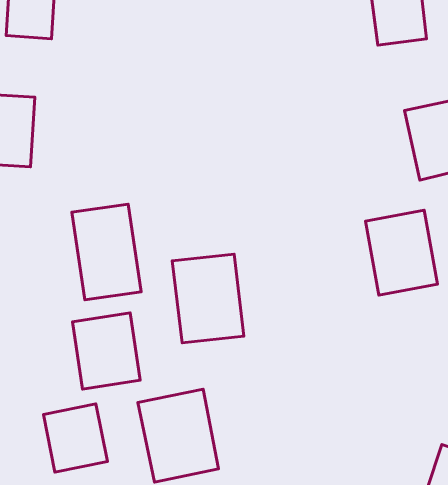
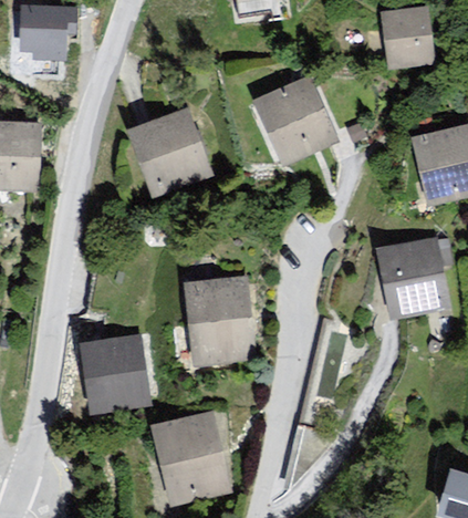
building: none -> [252,79,337,167]
building: none -> [128,108,209,195]
building: [72,204,141,300] -> none
building: [43,404,107,472] -> none

